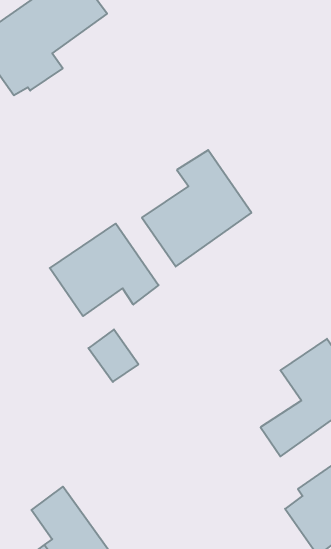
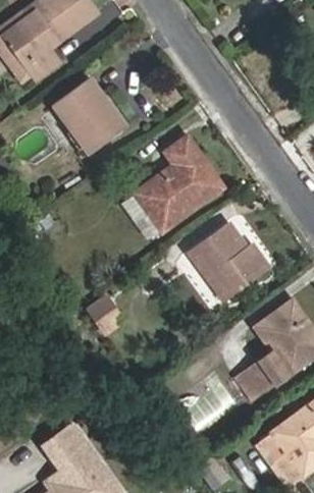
building: none -> [52,76,128,155]
building: [50,224,159,316] -> none
building: none -> [189,222,271,300]

